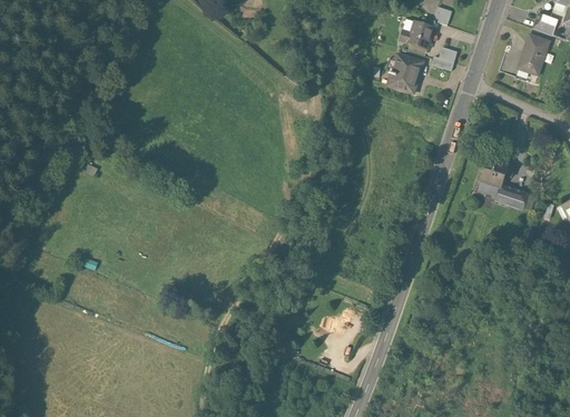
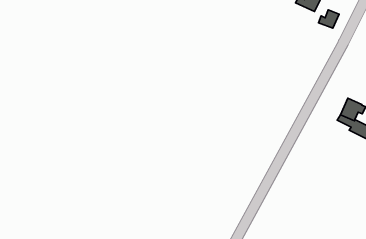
building: [389,56,421,95] -> none

